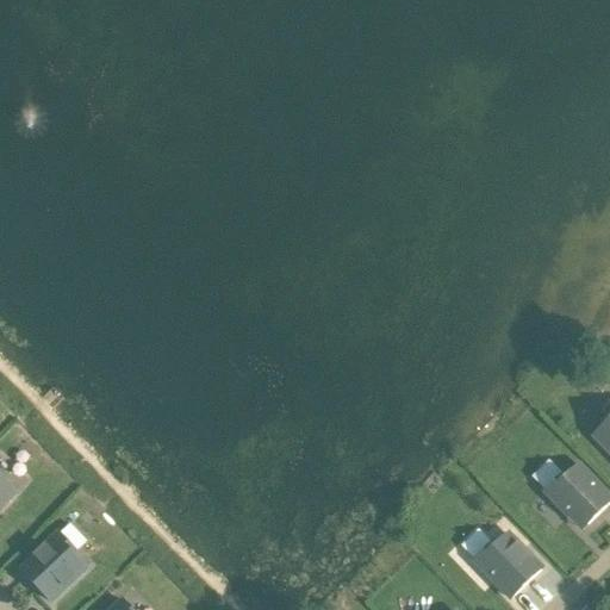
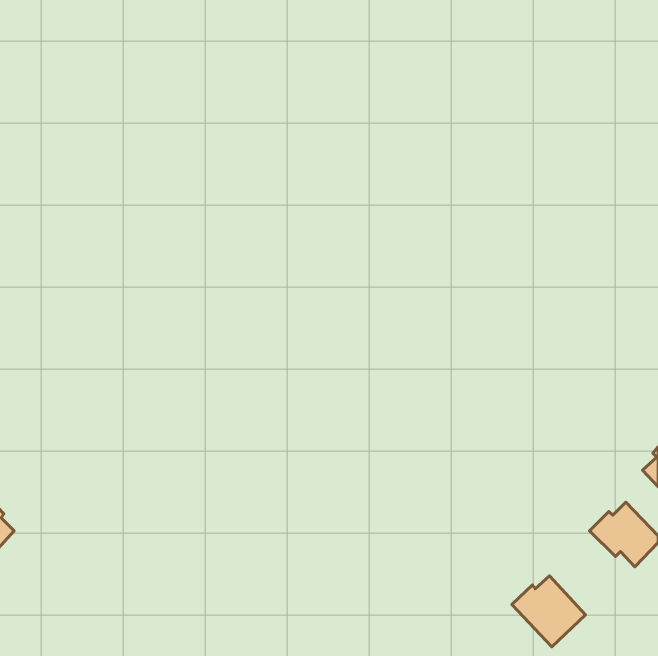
building: [23,531,83,599] -> none

